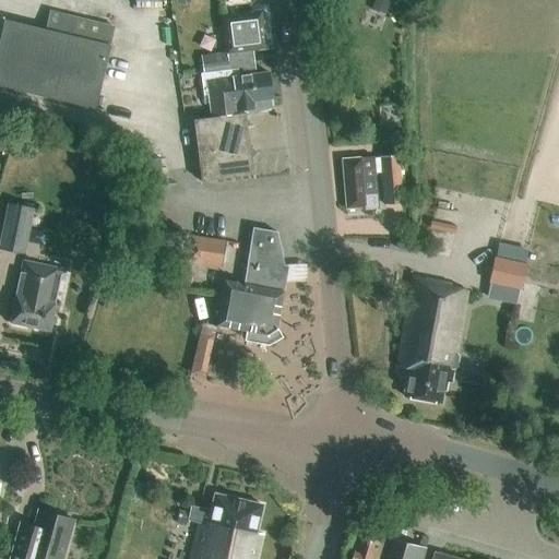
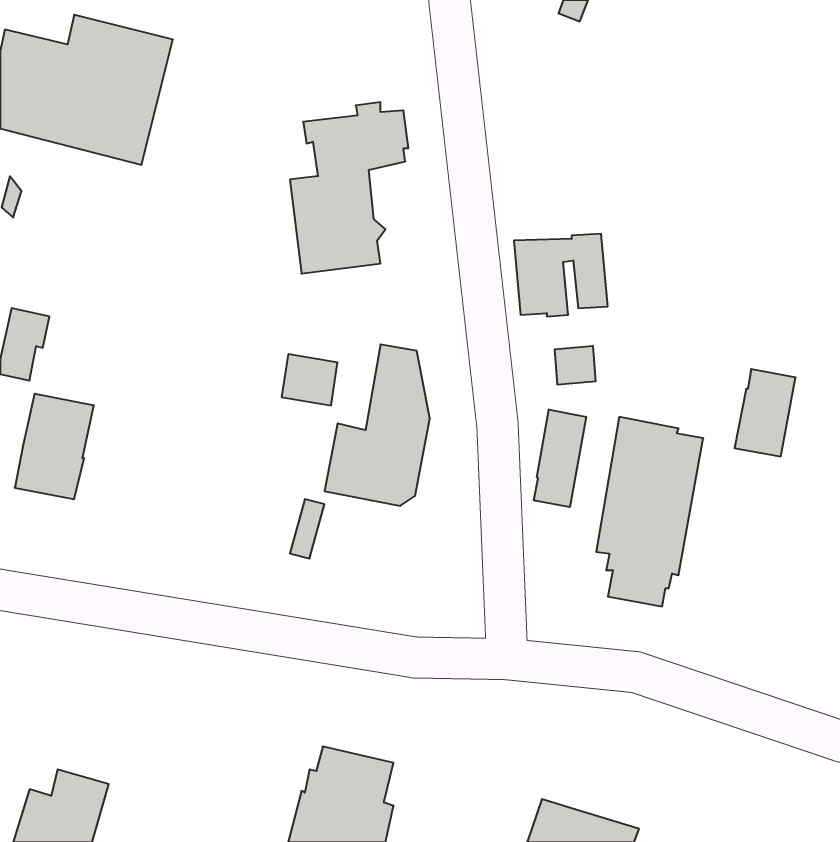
building: [201,12,266,73] -> none
building: none -> [555,346,595,385]
building: none -> [534,409,586,507]

